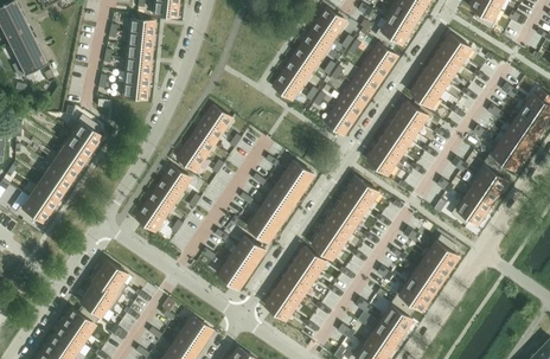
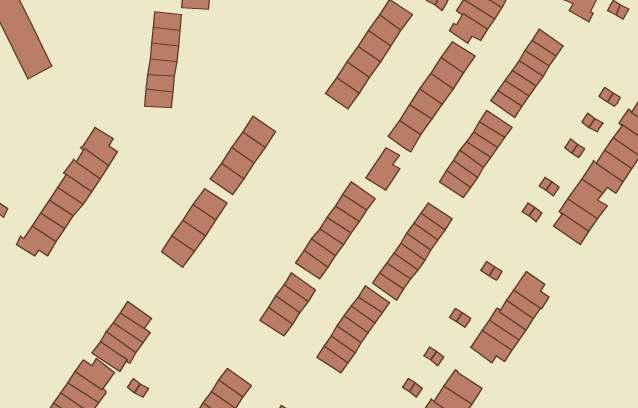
building: none -> [366,148,400,190]
building: [450,198,485,225] -> none
building: [383,299,412,333] -> none

